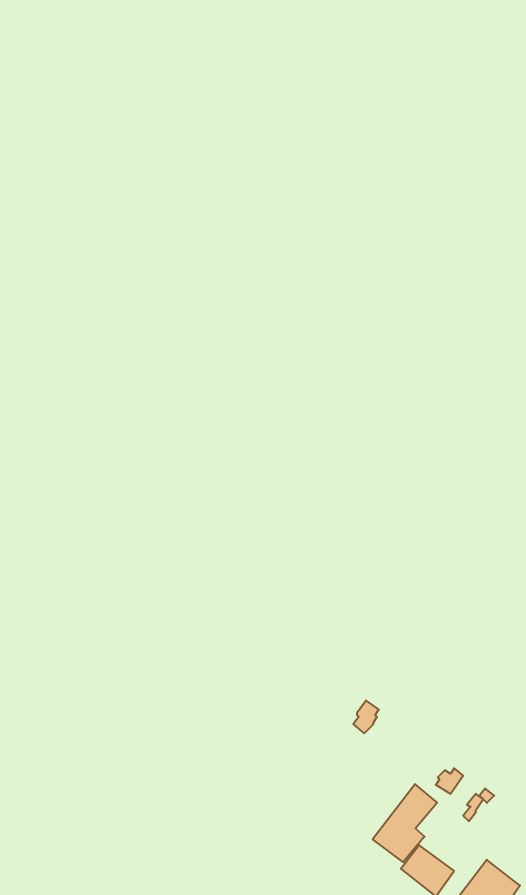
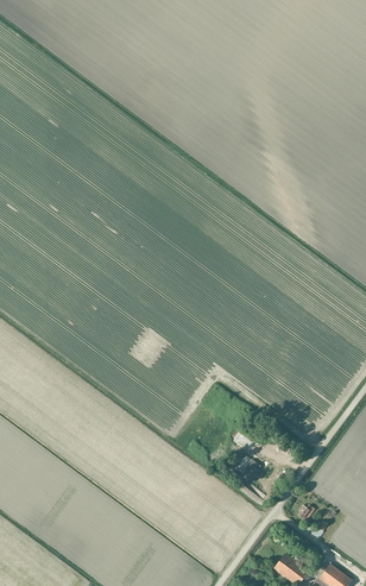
building: [373,784,437,862] -> none

